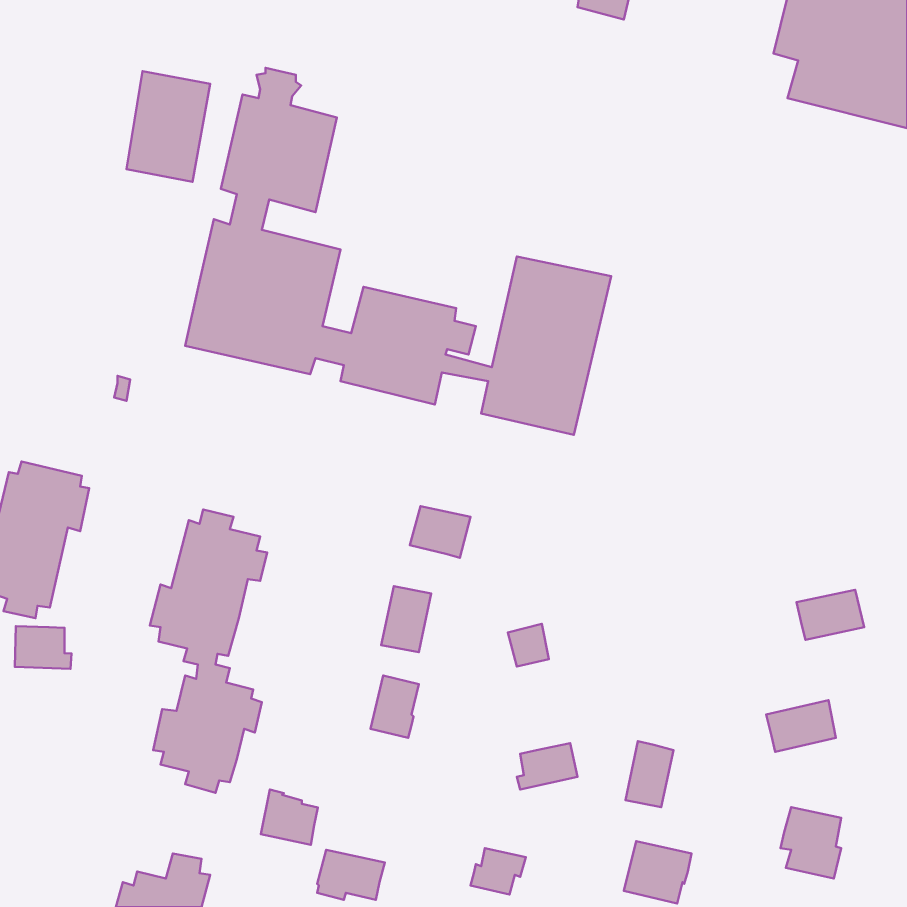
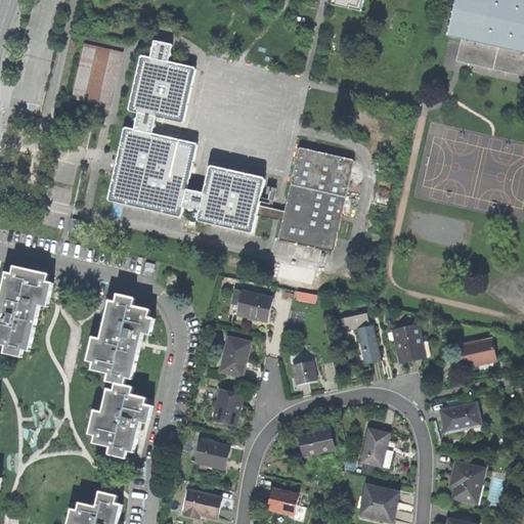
building: none -> [335,311,380,361]
building: none -> [392,323,424,360]
building: [15,626,72,669] -> none
building: [261,790,318,845] -> [194,435,227,467]

